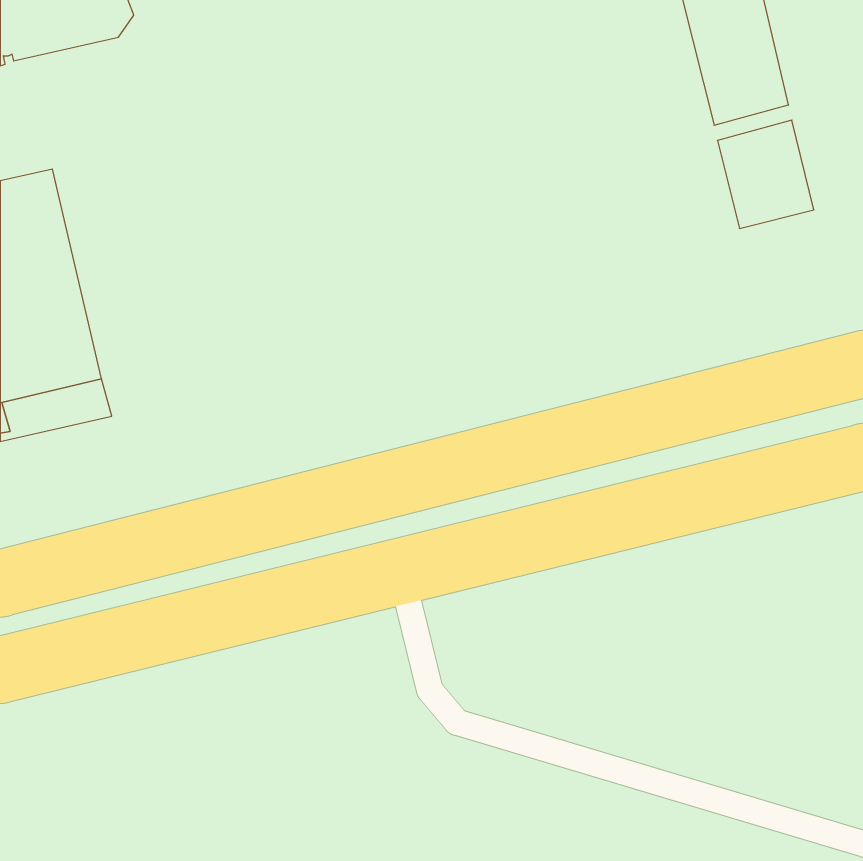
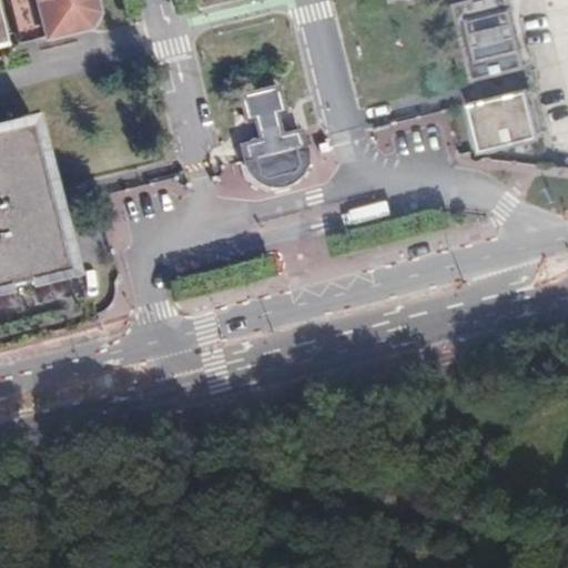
building: none -> [239,87,304,189]

